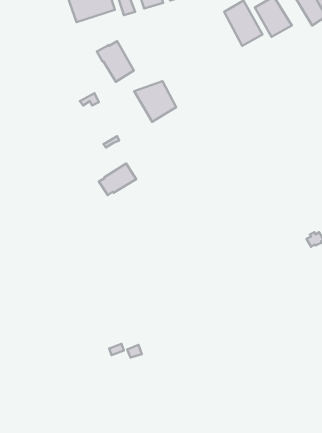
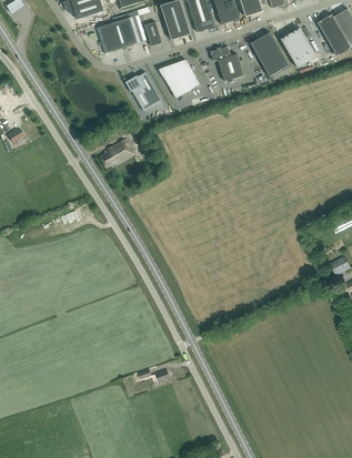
building: none -> [211,45,244,81]
building: [134,81,176,122] -> [159,58,200,98]
building: [99,164,136,195] -> [99,138,135,169]

